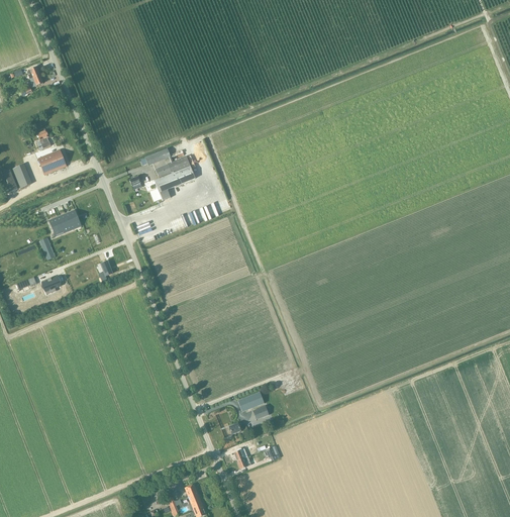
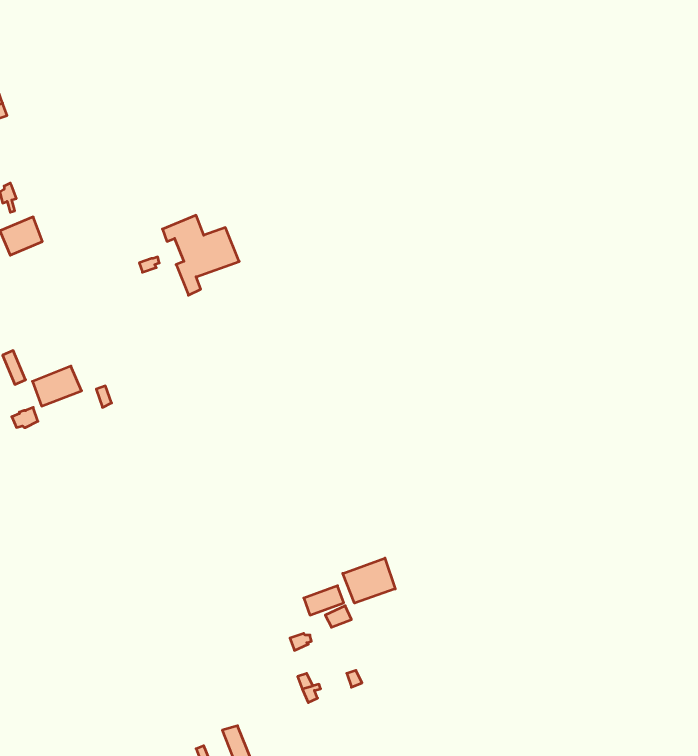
building: [48,210,81,236] -> [32,366,82,406]
building: none -> [343,558,395,603]

